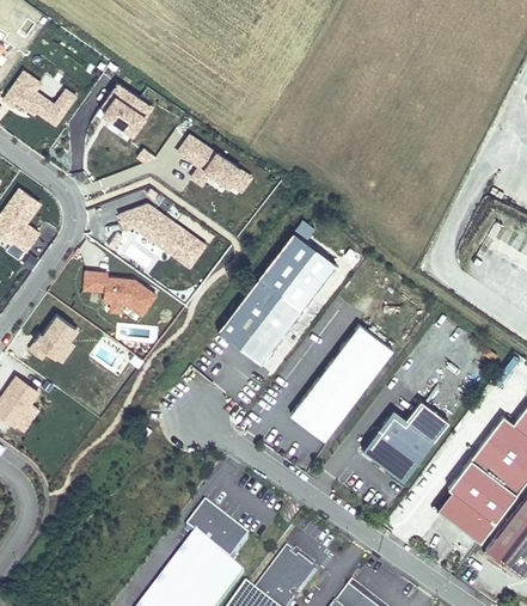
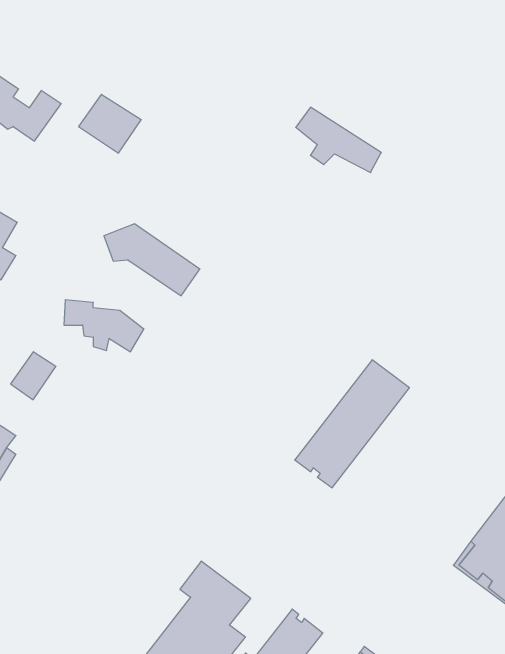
building: [177,136,253,195] -> [296,107,381,173]
building: [217,234,336,366] -> none
building: [363,402,449,482] -> none

